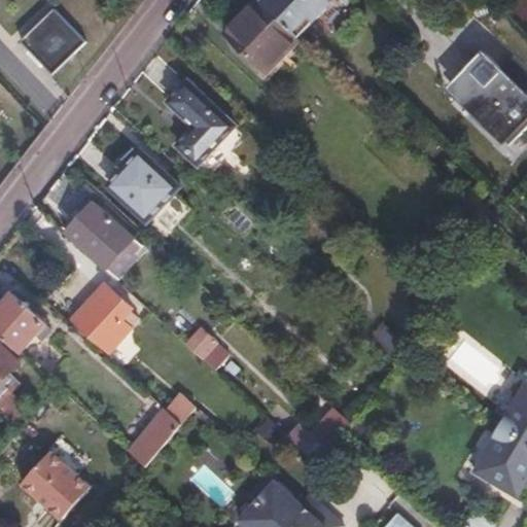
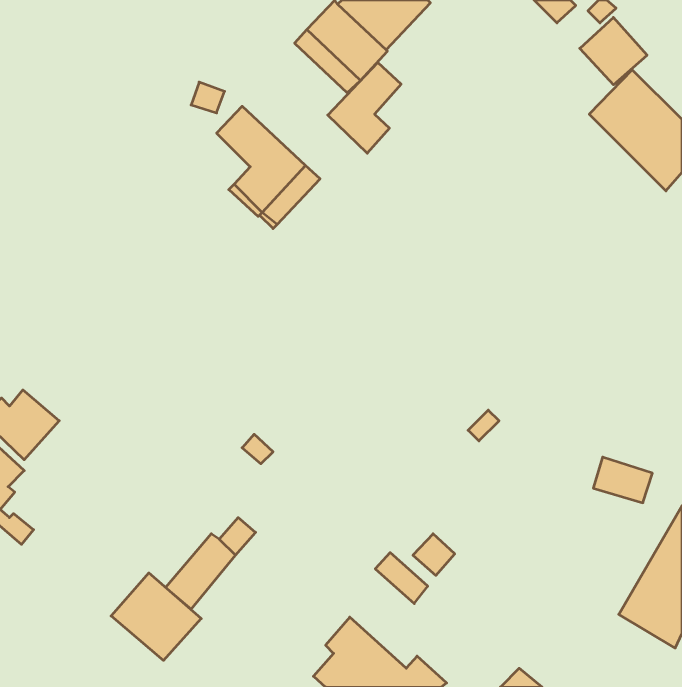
building: [17,8,84,75] -> none
building: none -> [328,62,401,153]
building: [105,148,176,219] -> none
building: [65,199,132,267] -> none
building: [72,285,131,345] -> none
building: [19,451,87,518] -> [111,573,201,660]

